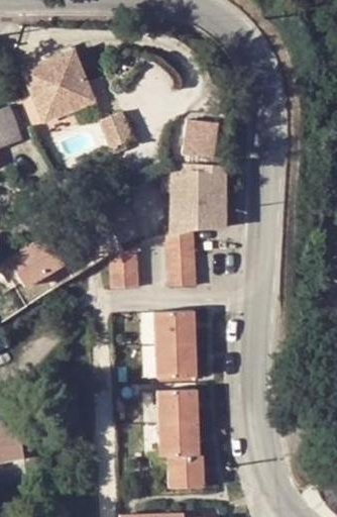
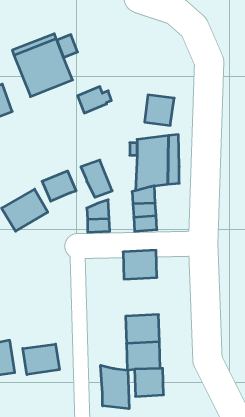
building: none -> [42,171,76,201]
building: [156,343,198,379] -> none
building: none -> [23,344,59,375]
building: none -> [101,365,129,409]

